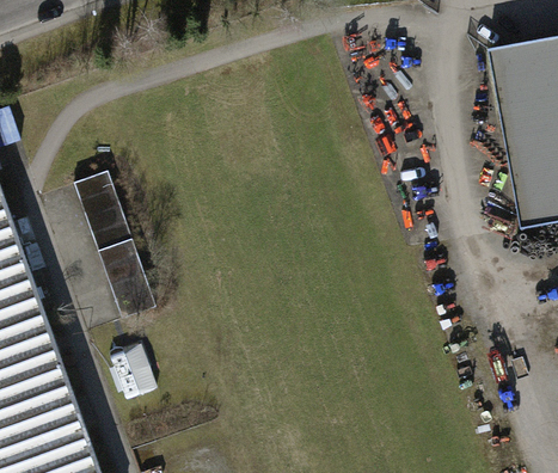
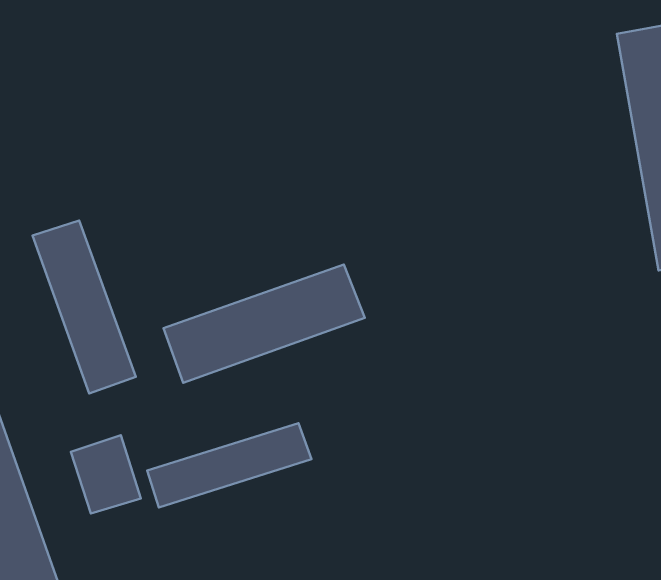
building: none -> [164,264,365,383]
building: none -> [147,423,311,507]

